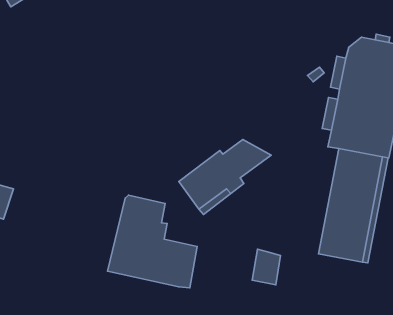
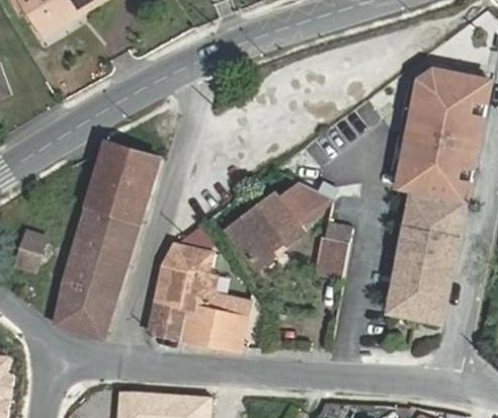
building: none -> [56,144,160,339]
building: [252,249,280,285] -> [317,236,348,275]

